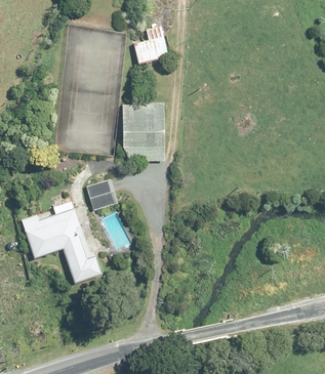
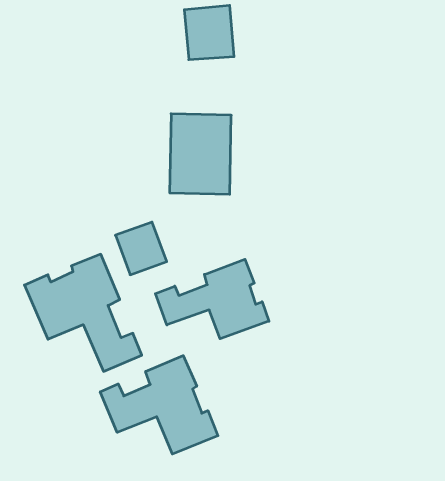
building: none -> [155,259,269,339]
building: none -> [100,356,218,454]

